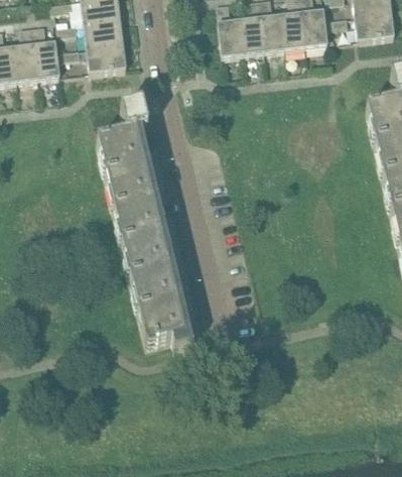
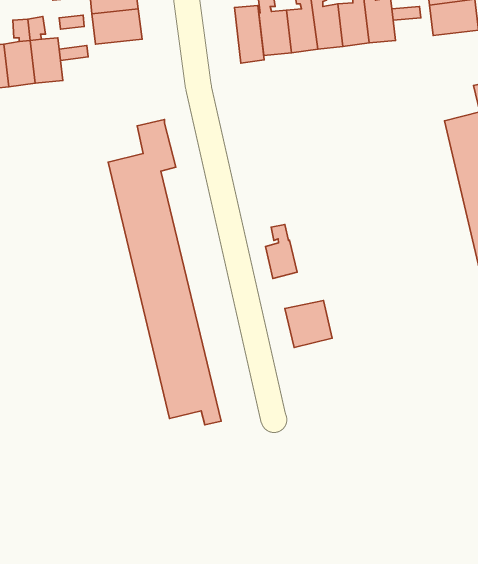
building: none -> [234,5,264,63]
building: [89,42,129,72] -> none
building: none -> [265,224,297,278]
building: none -> [285,301,332,348]

